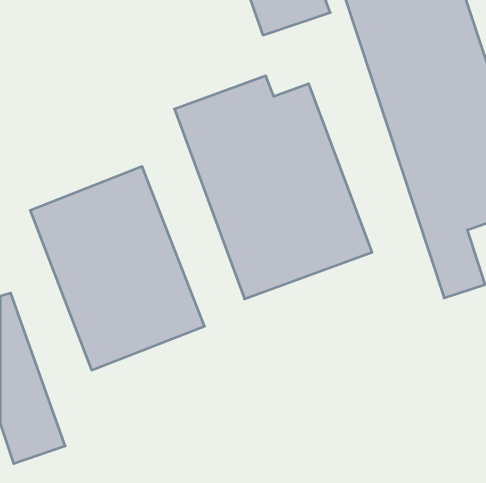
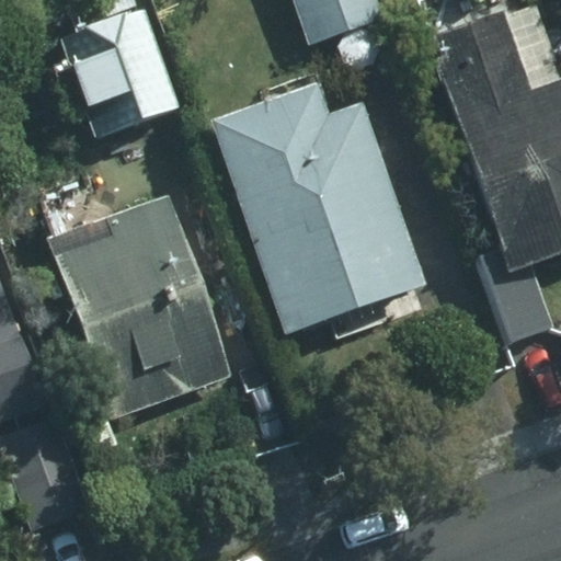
building: none -> [59,10,179,142]

